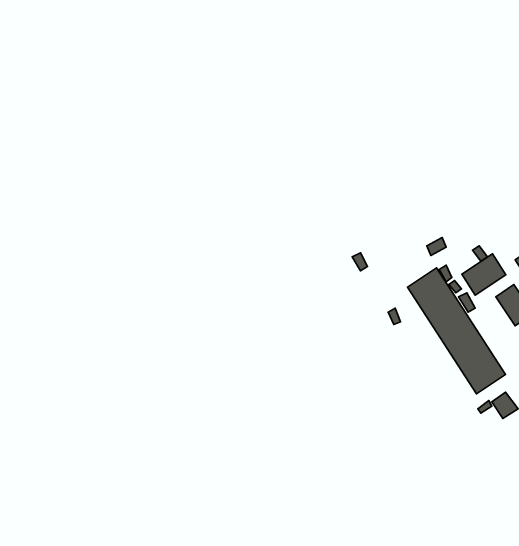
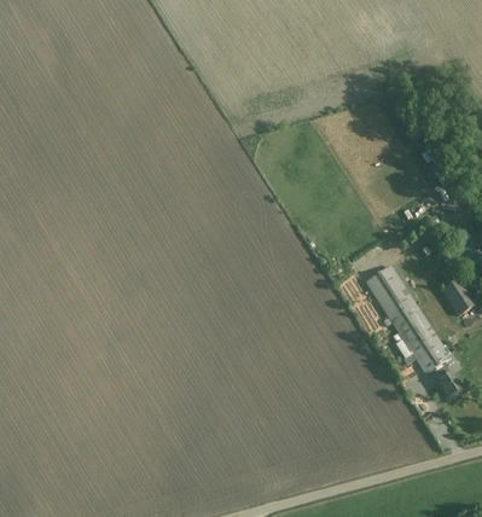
building: [462,254,506,295] -> none

